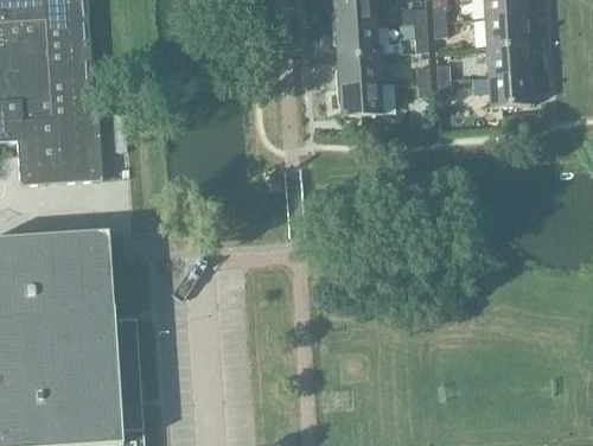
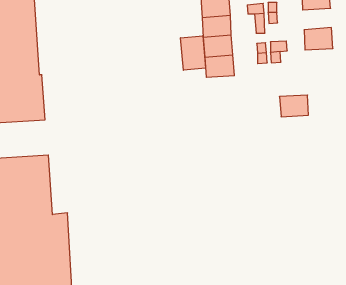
building: [484,13,527,45] -> none
building: none -> [181,36,206,70]
building: [487,72,530,104] -> [279,95,308,117]

